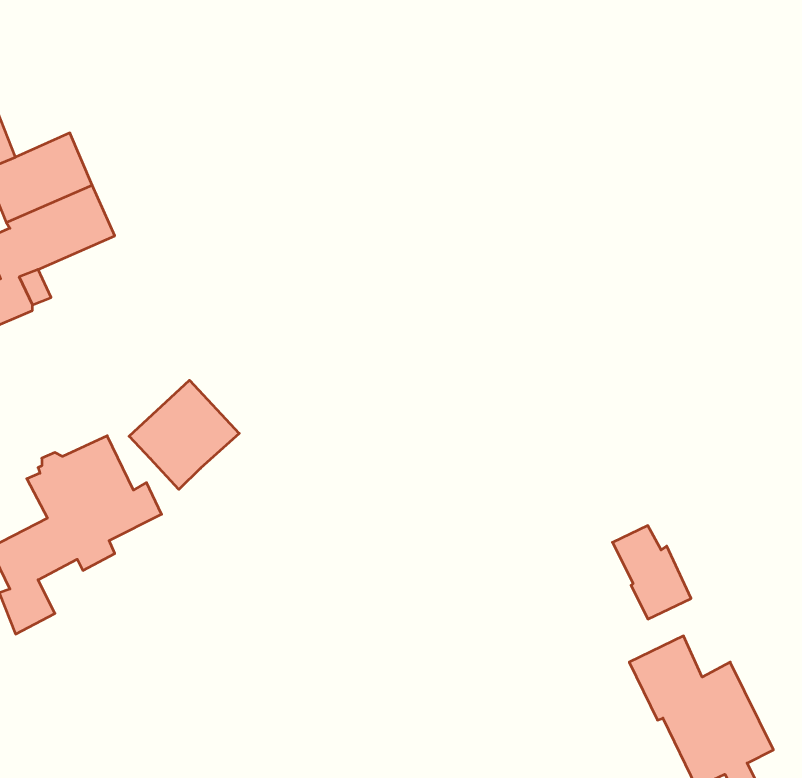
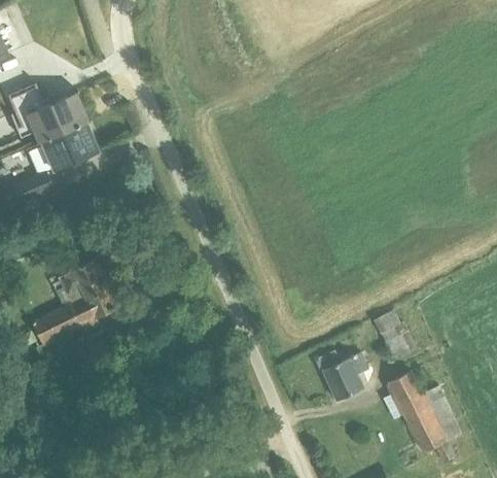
building: [129,380,239,489] -> none
building: none -> [316,350,369,401]

